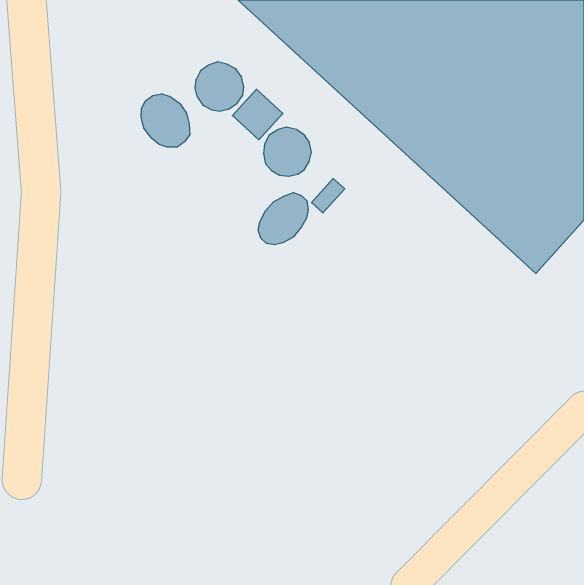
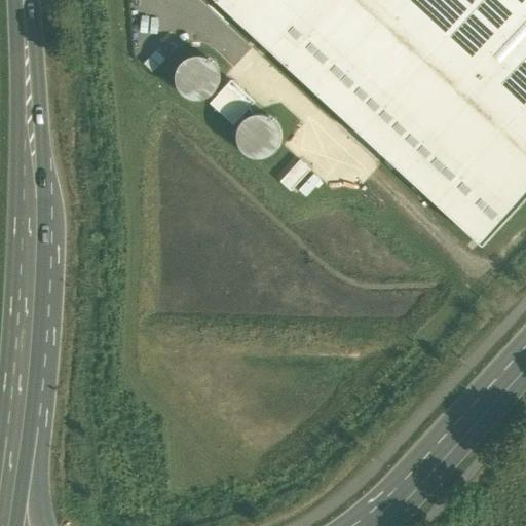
building: [141,94,190,147] -> none
building: [258,193,308,245] -> none

